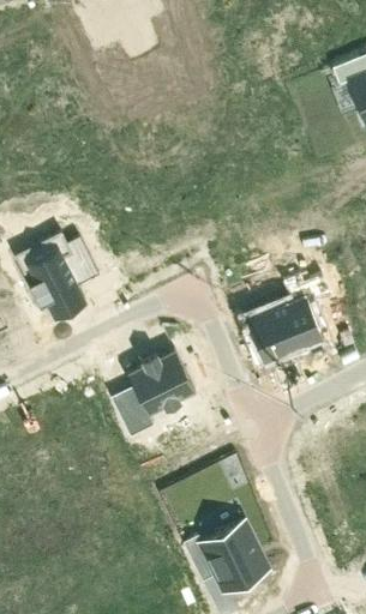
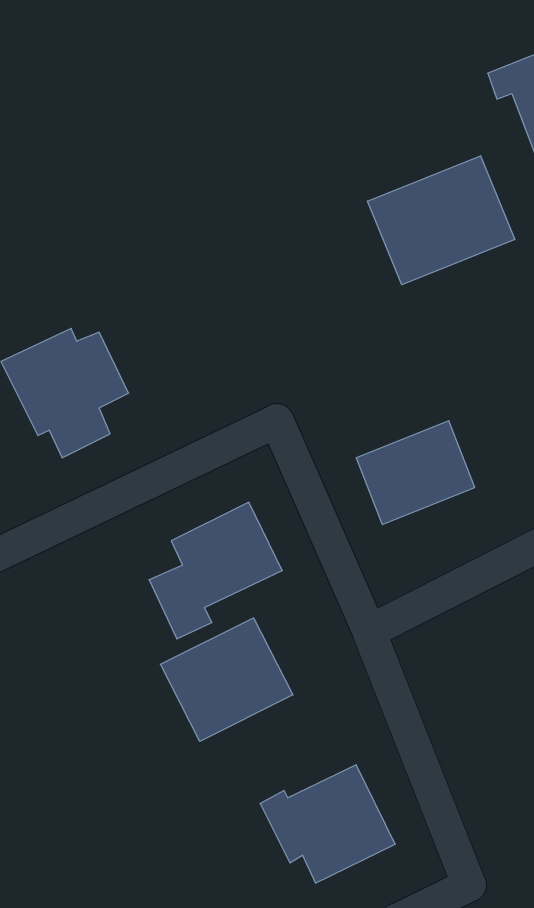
building: none -> [367,156,515,285]
building: none -> [160,618,293,741]

